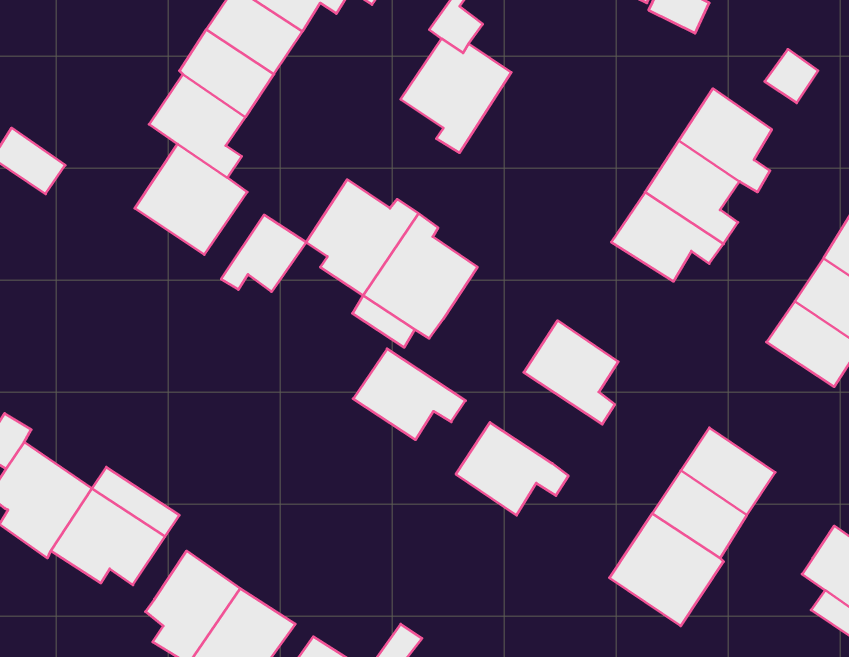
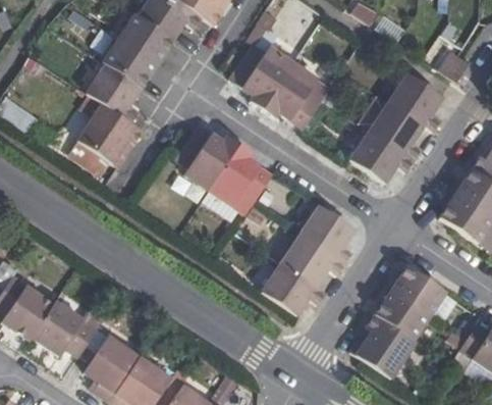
building: none -> [264,62,331,128]
building: [221,215,306,292] -> none
building: [353,349,466,440] -> [281,234,345,286]

